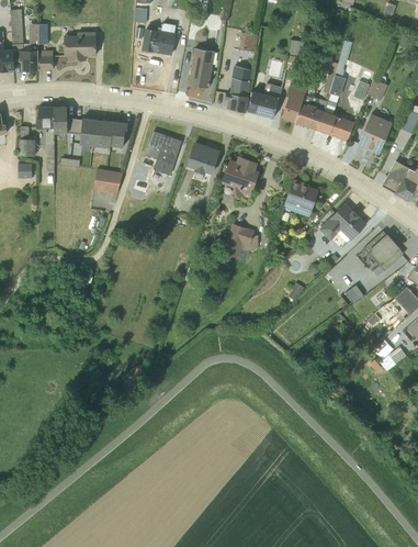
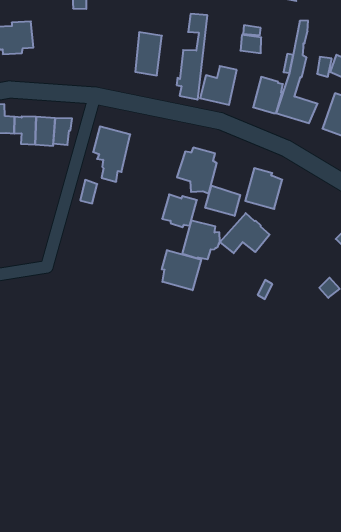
building: [142,23,176,55] -> none
building: [281,83,306,122] -> none
building: [187,144,219,175] -> [162,194,197,227]
building: [94,168,123,192] -> none
building: none -> [205,186,240,216]
building: [319,203,365,239] -> [220,213,270,253]
building: none -> [162,250,201,290]

